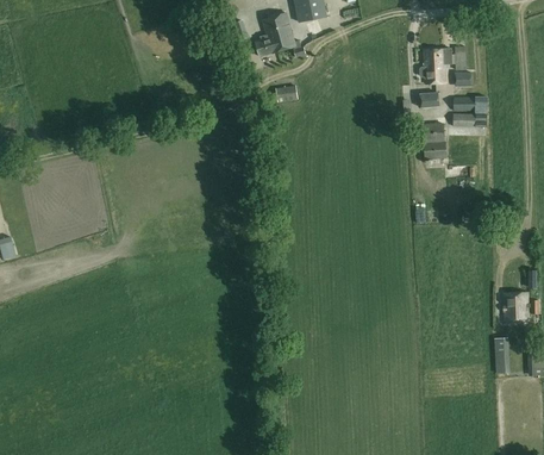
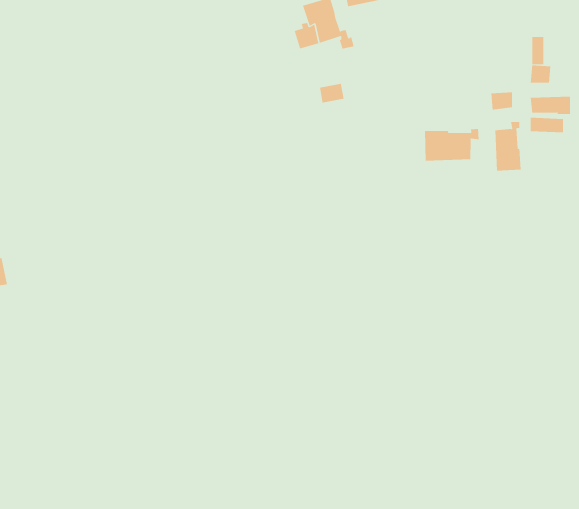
building: [419,49,452,85] -> none
building: none -> [425,128,479,162]

